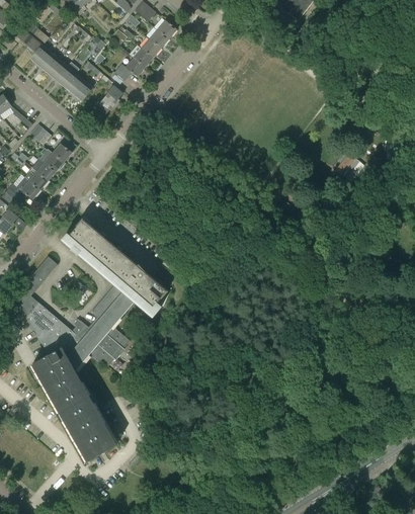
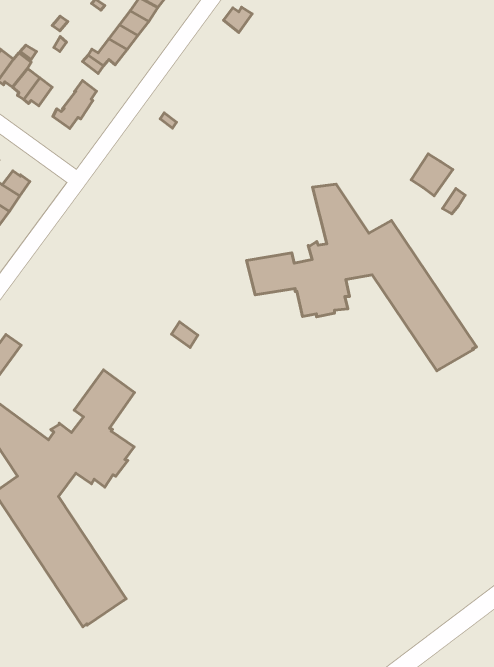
building: none -> [247,184,477,371]
building: [67,220,166,309] -> none

